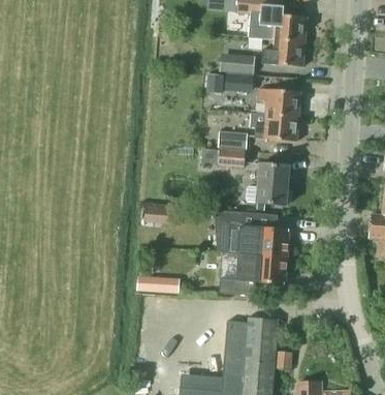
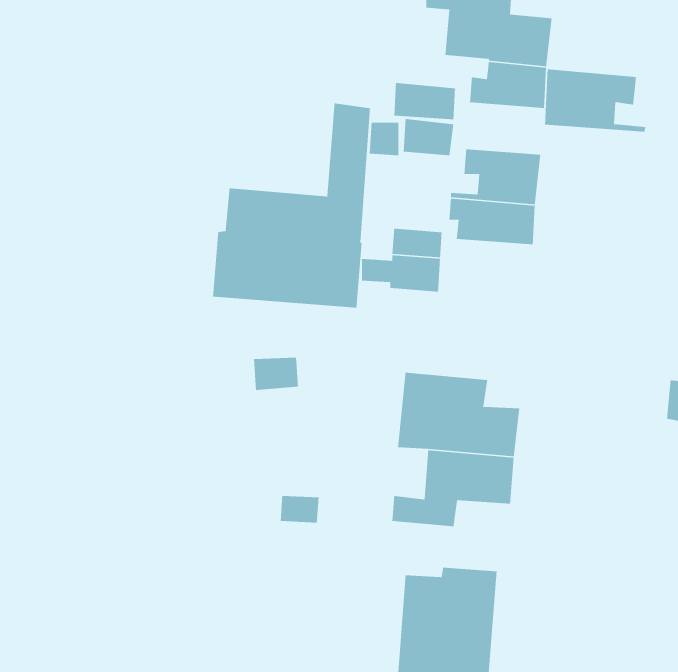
building: none -> [544,69,646,133]
building: none -> [212,102,371,308]
building: [245,162,289,205] -> none

